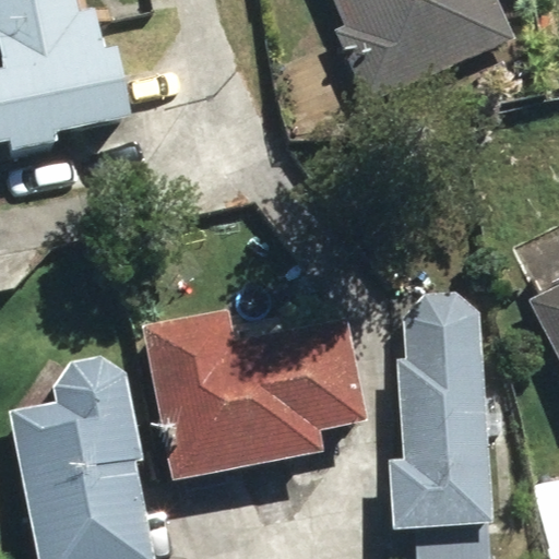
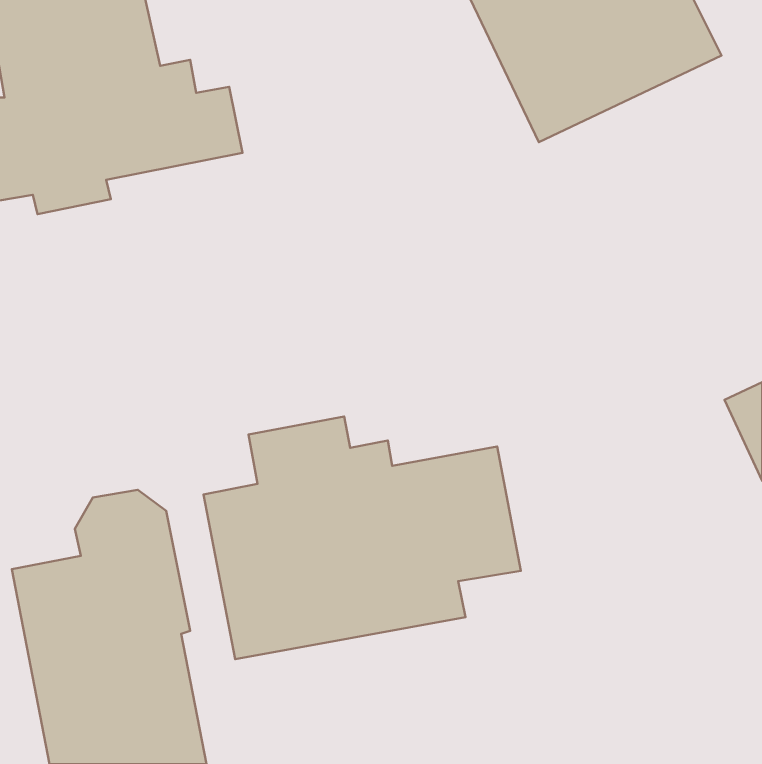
building: [388,290,490,526] -> none

